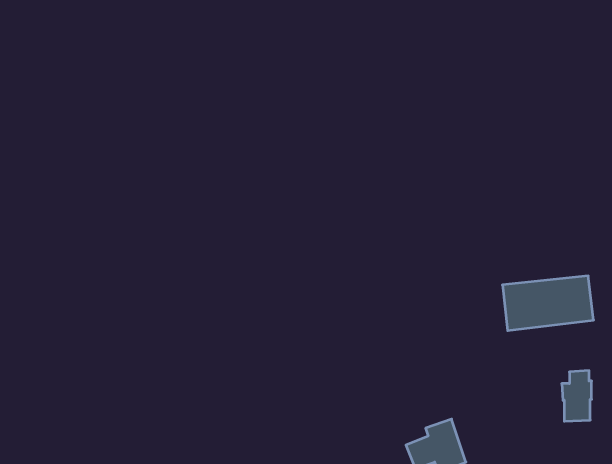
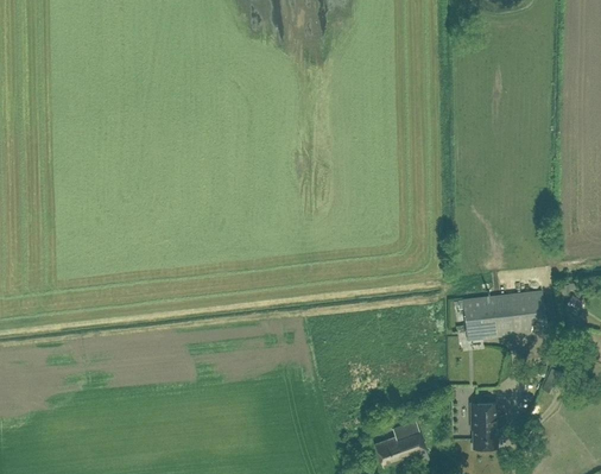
building: [562,371,592,421] -> [470,402,498,448]

